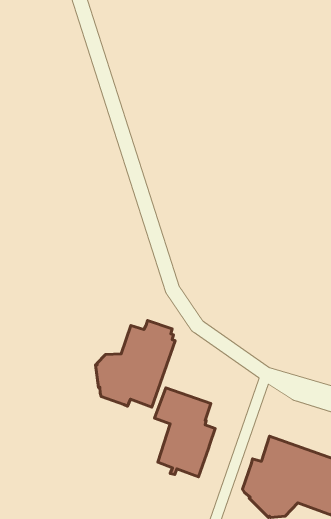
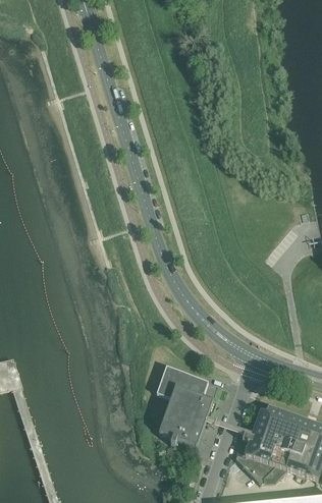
building: [96,320,175,407] -> none

